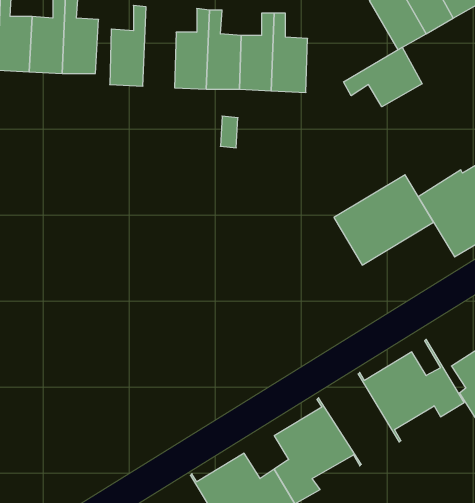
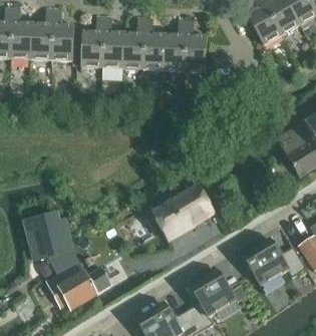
building: none -> [102,17,123,68]
building: [344,47,422,107] -> none
building: [334,175,434,265] -> [151,186,215,243]
building: none -> [23,212,123,307]

